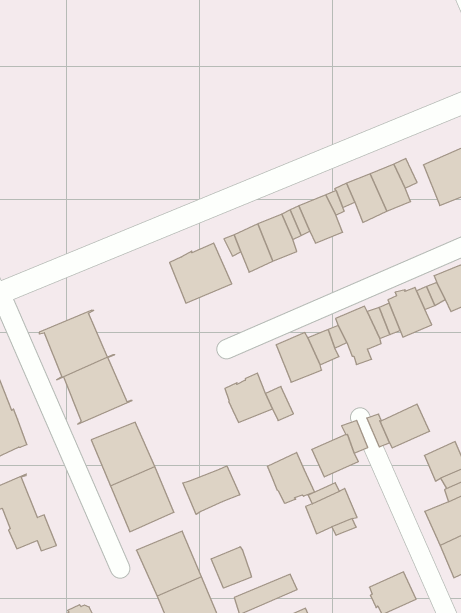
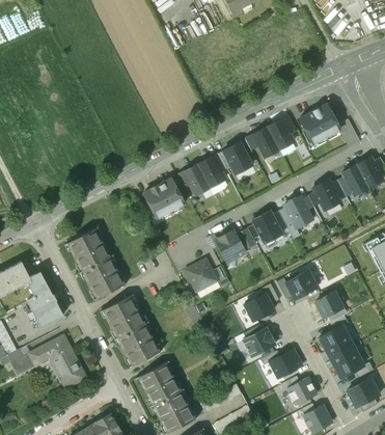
building: [268,452,314,503] -> none
building: [183,466,240,514] -> none
building: none -> [269,349,301,378]
building: [211,547,251,588] -> none

